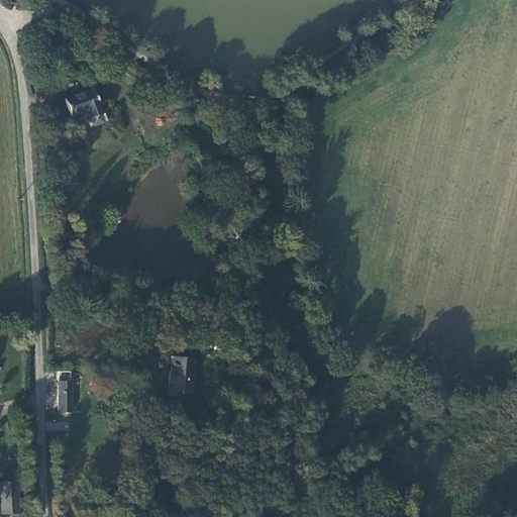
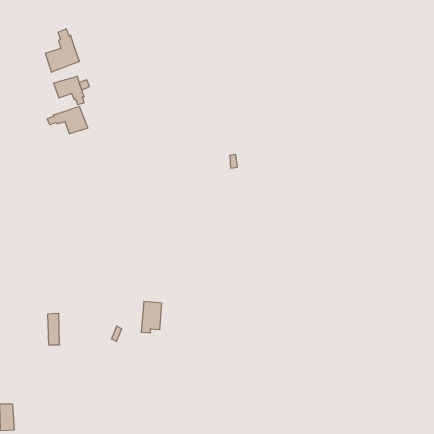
building: none -> [45,29,79,72]
building: none -> [47,106,88,134]

